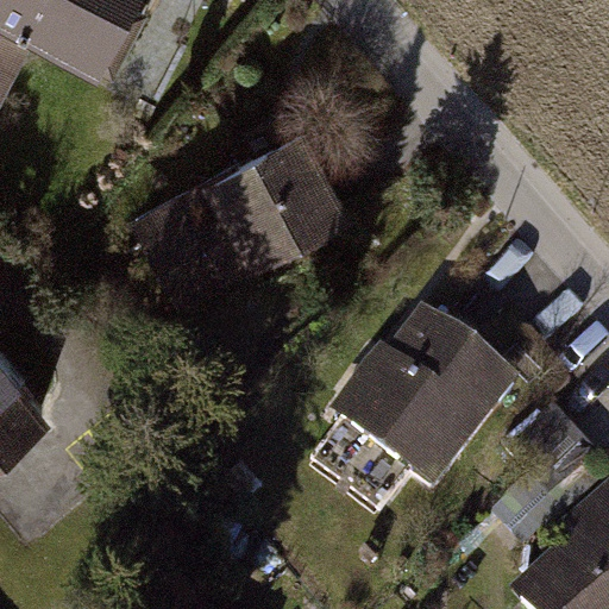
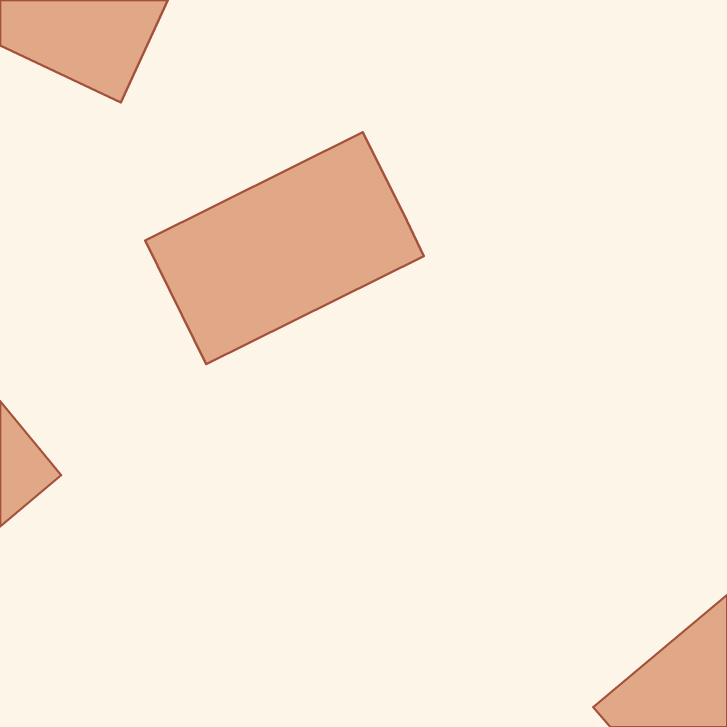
building: [332,306,520,494] -> none

